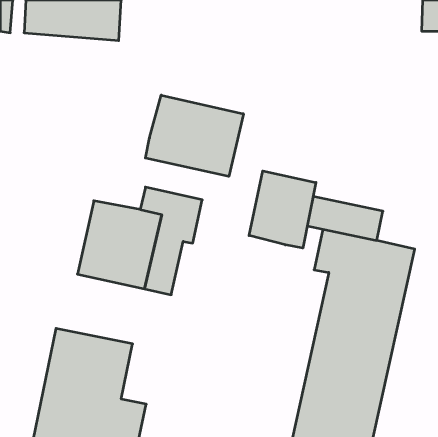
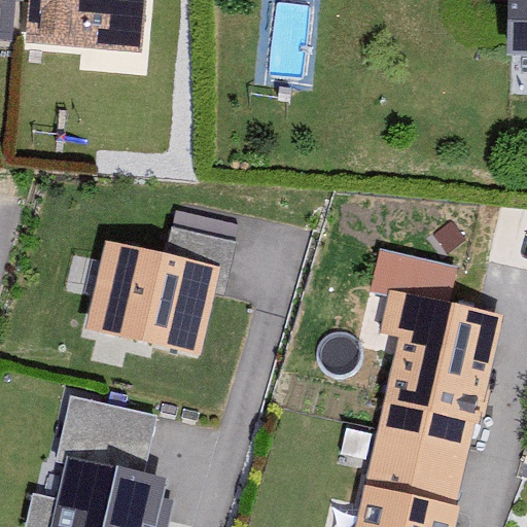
building: [145,95,243,176] -> none
building: [249,171,316,248] -> none

